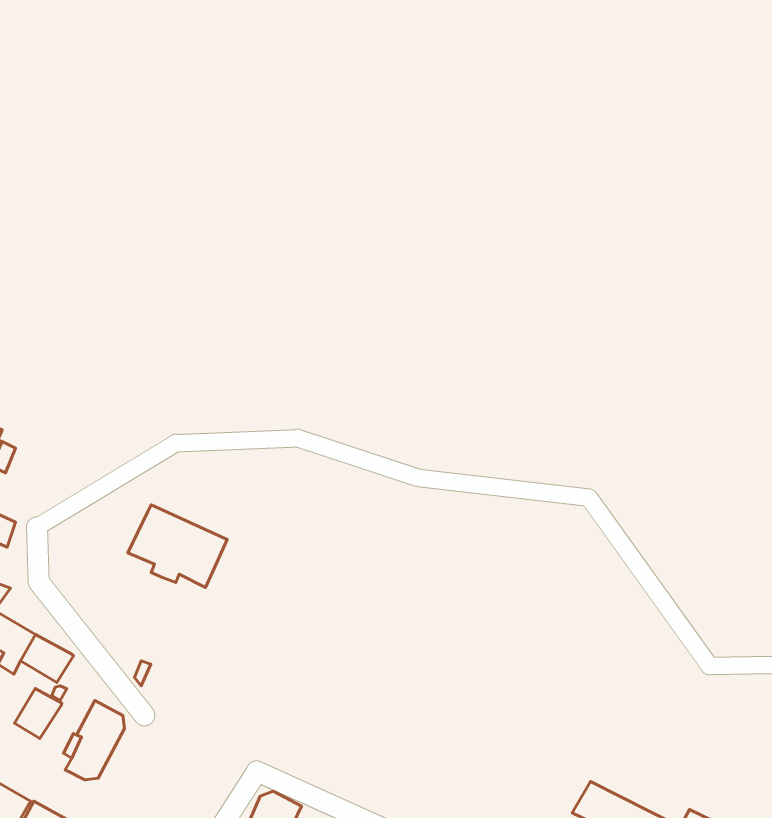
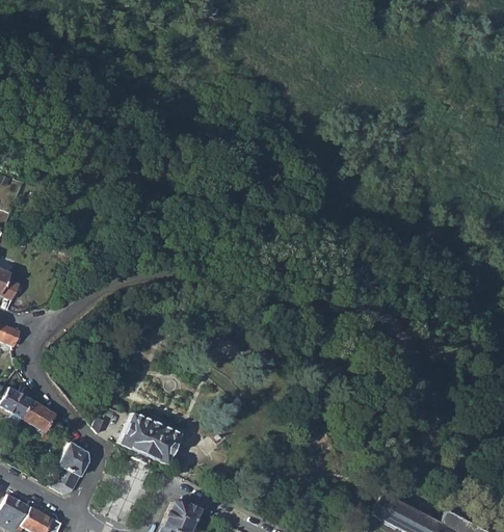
building: [128,505,227,587] -> [118,413,181,464]
building: [15,688,62,739] -> none

